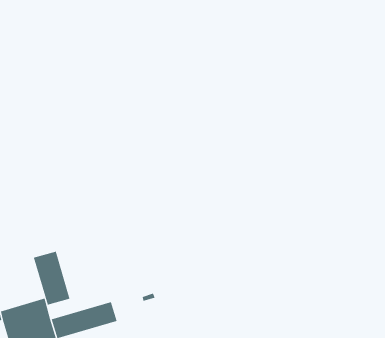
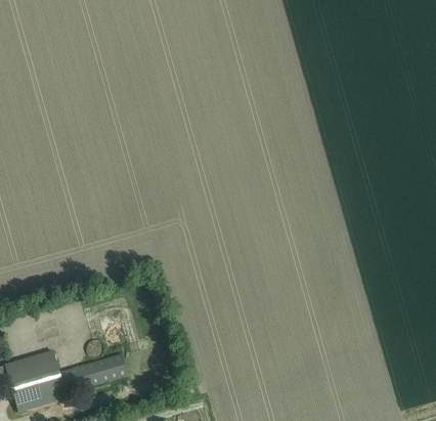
building: [33,251,70,306] -> none

